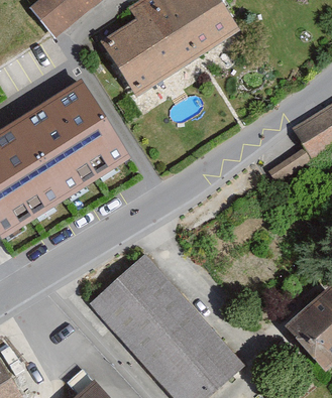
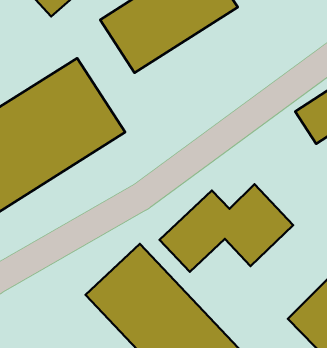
building: none -> [160,184,293,272]

